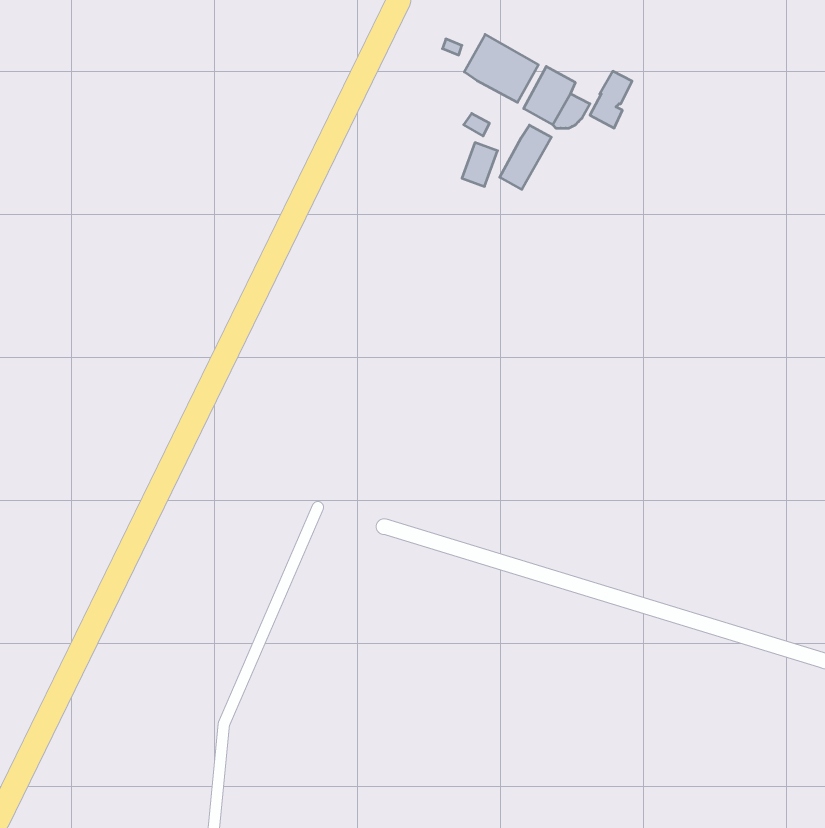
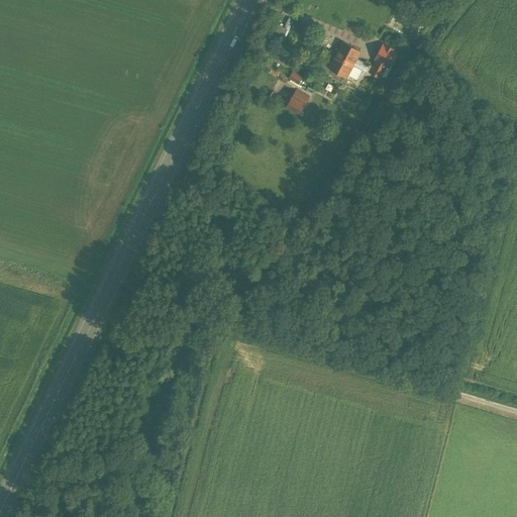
building: [464,34,538,102] -> none
building: [500,125,551,189] -> none

